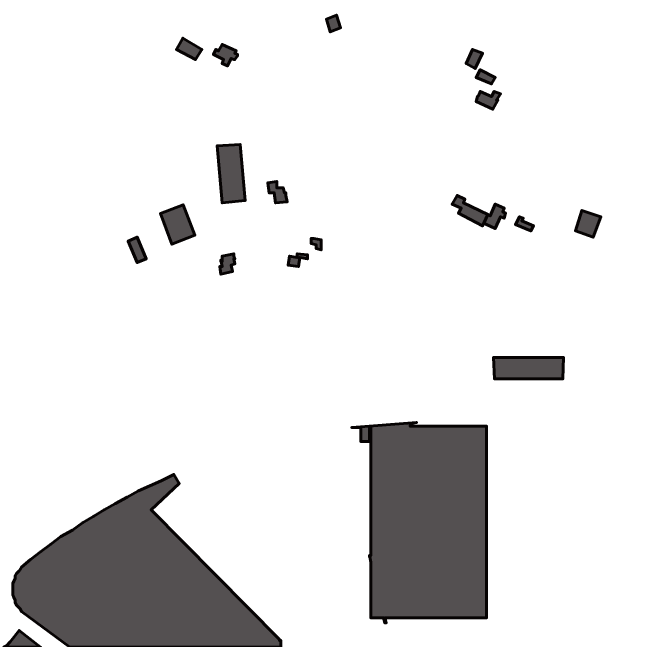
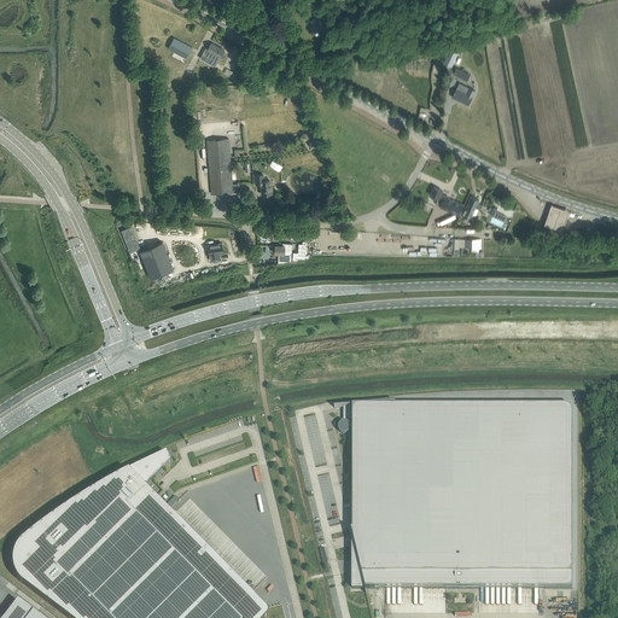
building: [160,205,195,244] -> [140,240,173,278]
building: [494,357,563,379] -> none
building: none -> [462,406,572,588]

